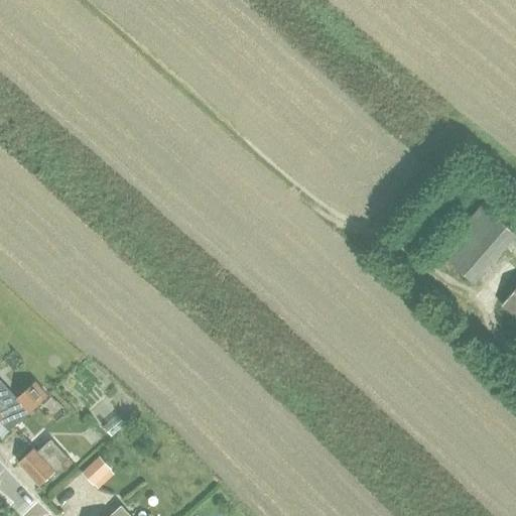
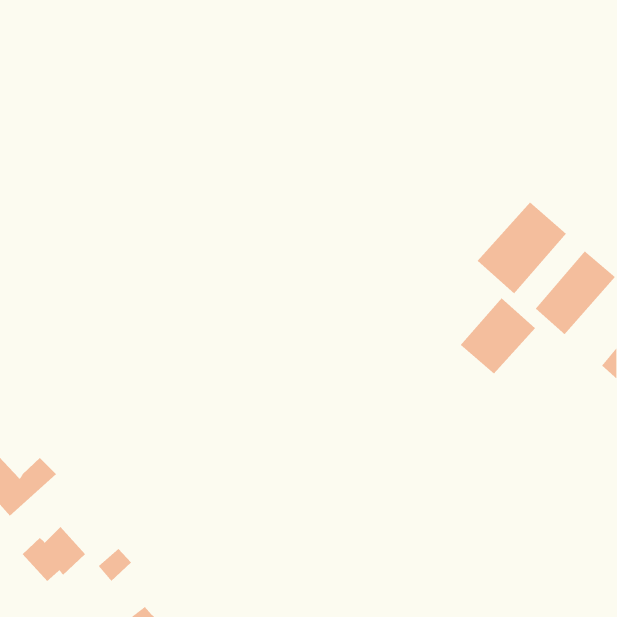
building: none -> [477,201,567,294]
building: none -> [460,297,536,375]

